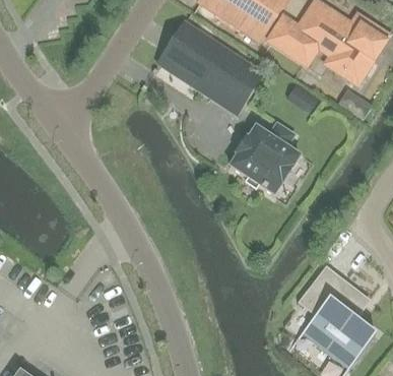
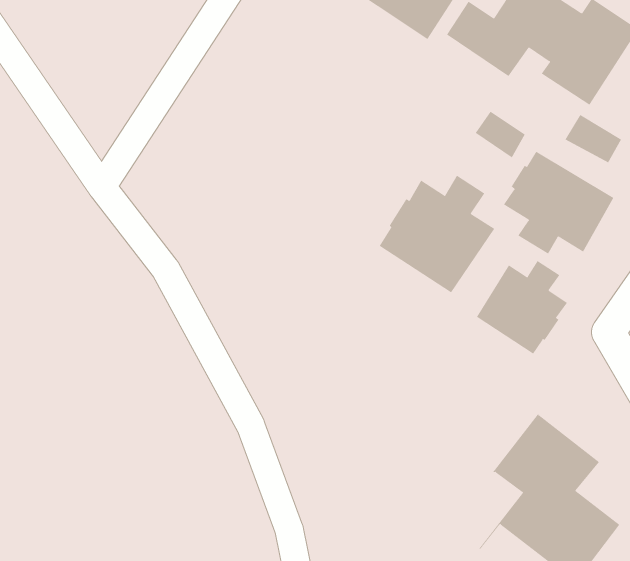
building: [157,22,263,114] -> none
building: none -> [503,151,614,254]
building: none -> [476,260,568,354]

